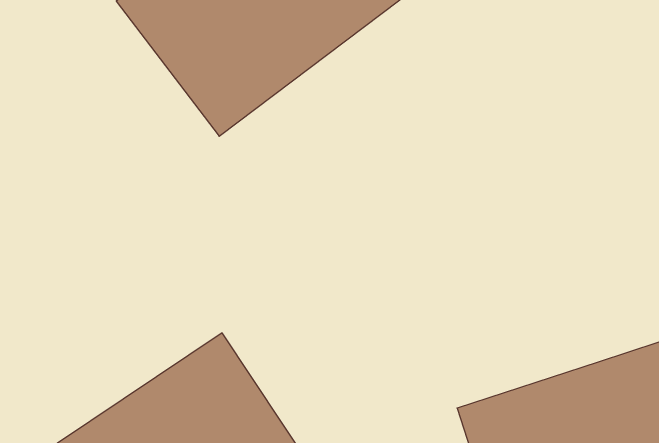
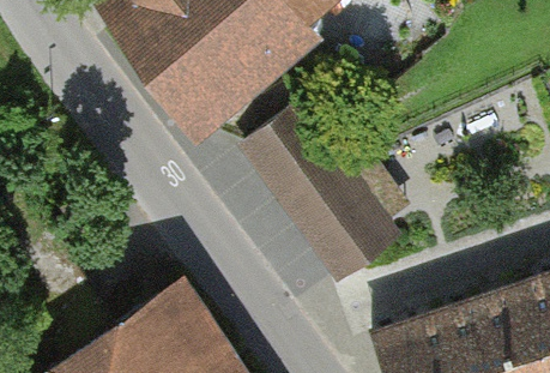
building: none -> [235,103,397,284]

